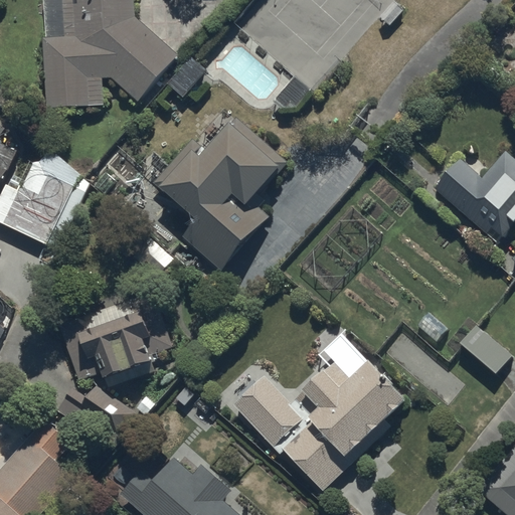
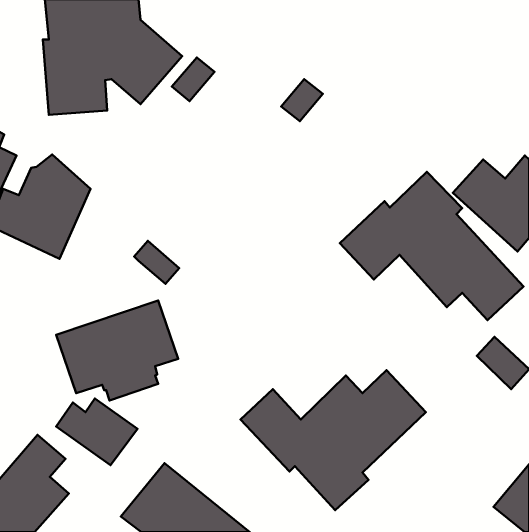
building: [153,118,287,272] -> none
building: none -> [340,172,524,320]

